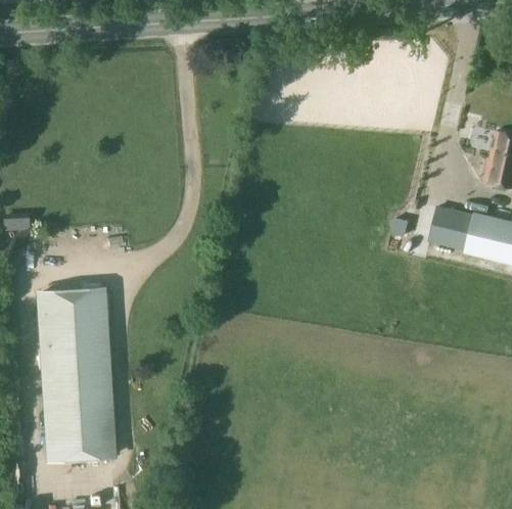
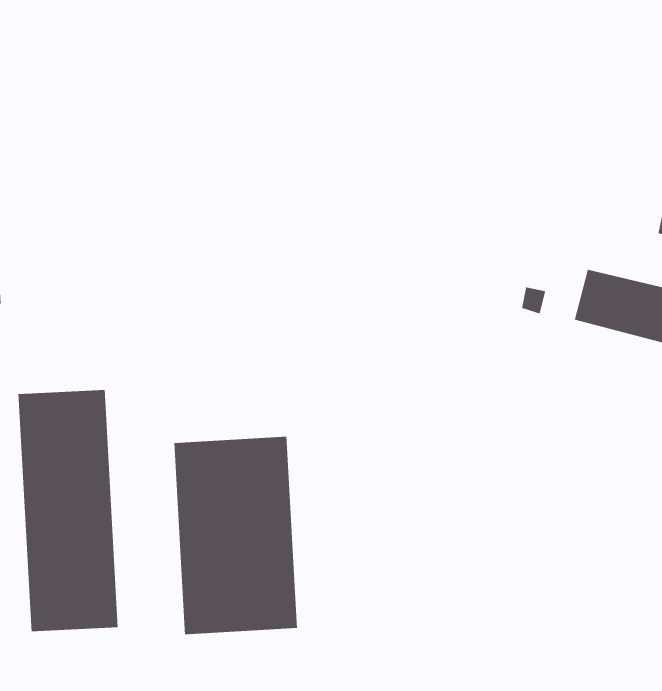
building: none -> [174,436,298,635]

